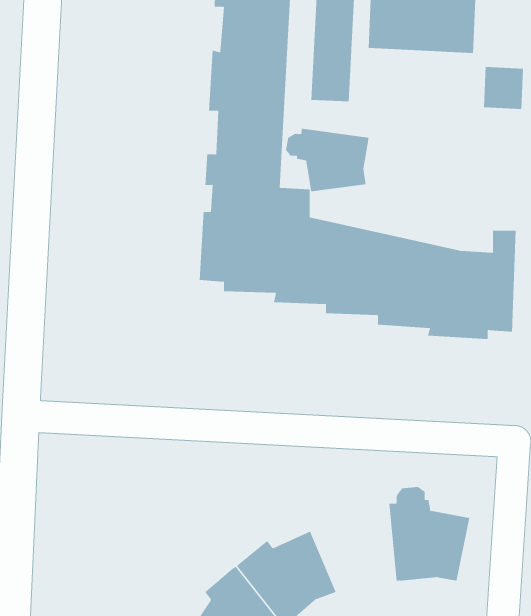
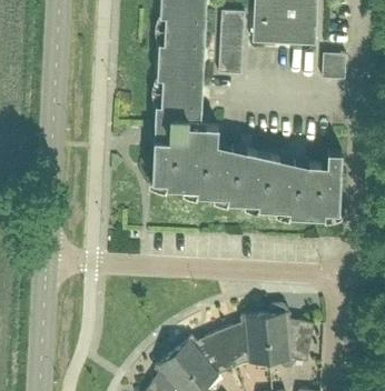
building: [285,128,369,192] -> none
building: none -> [218,317,269,370]

